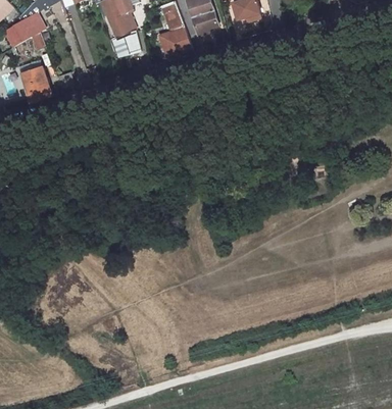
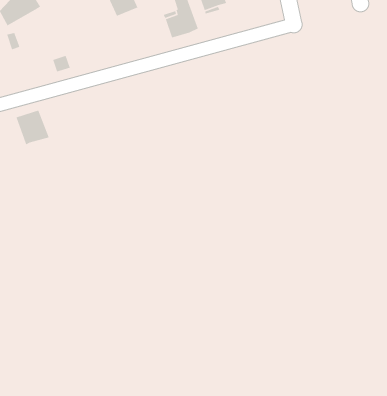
building: [21,68,53,102] -> [16,109,50,145]

